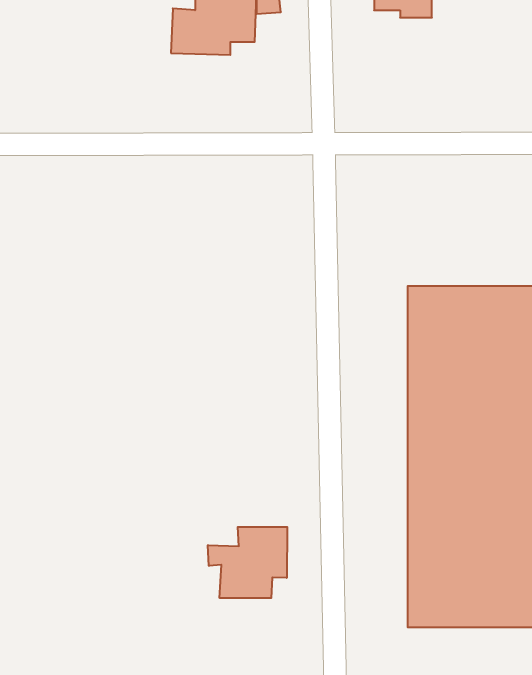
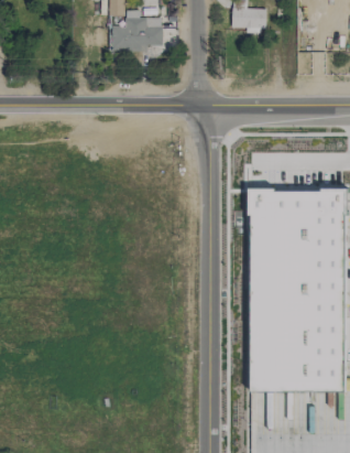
building: [208,527,287,598] -> none

